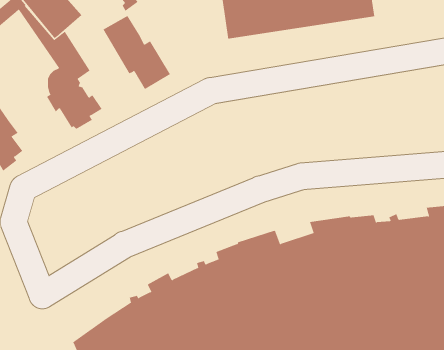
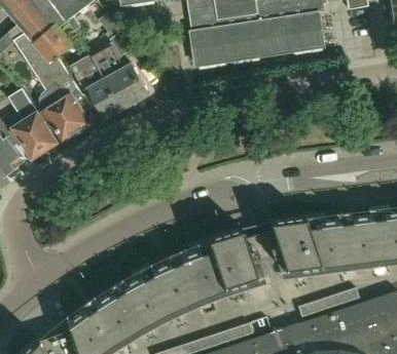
building: none -> [72,55,127,118]
building: none -> [9,88,57,156]

